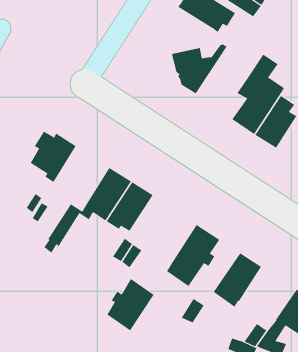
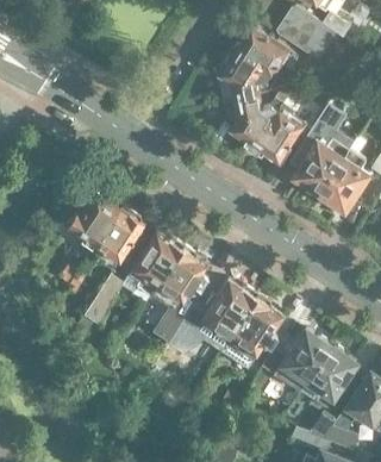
building: none -> [221,50,274,104]
building: none -> [255,105,313,162]
building: none -> [92,210,144,271]
building: none -> [305,348,355,408]
building: [107,278,155,331] -> [200,280,255,341]

